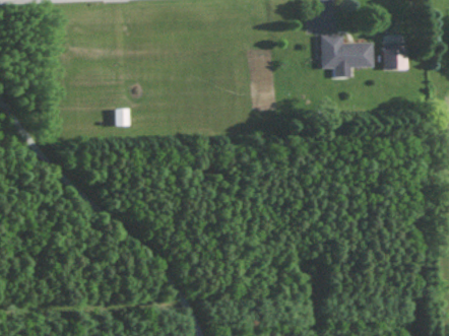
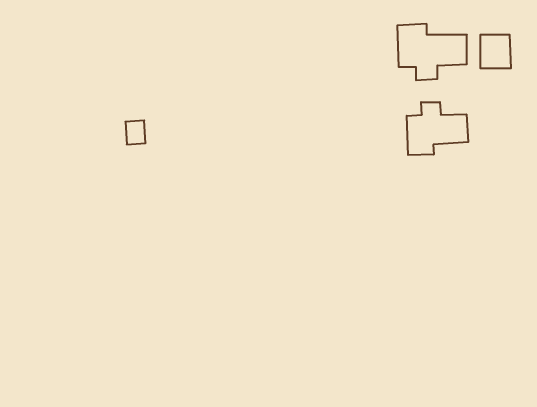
building: none -> [407,102,468,155]

